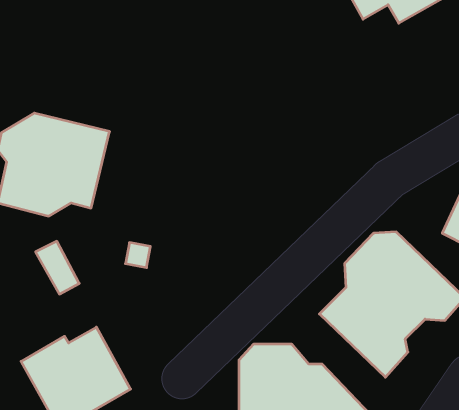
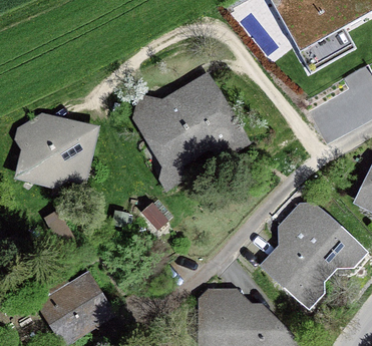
building: none -> [132,71,252,192]

